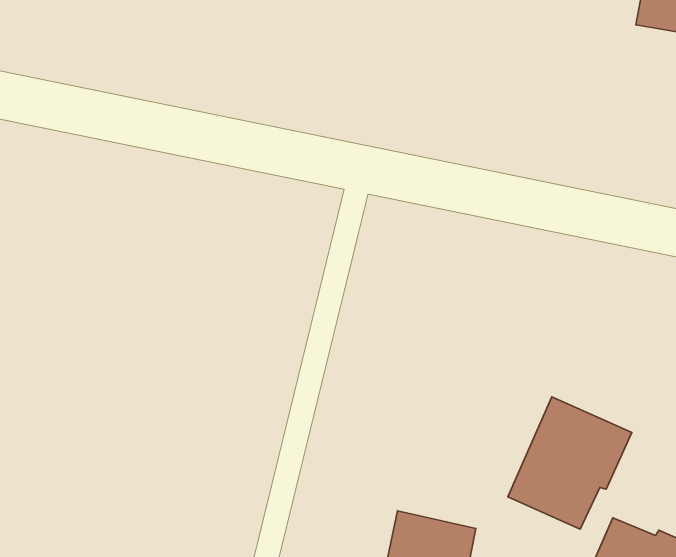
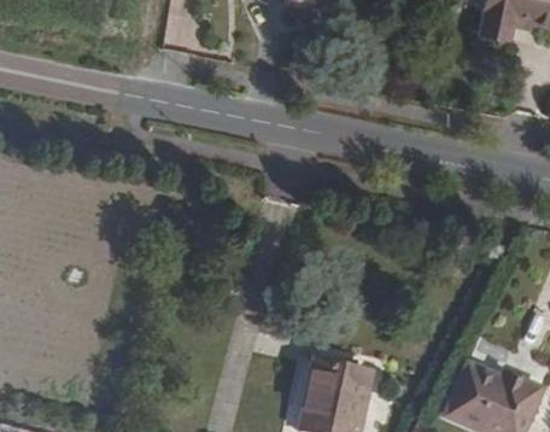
building: [508,397,632,529] -> none

